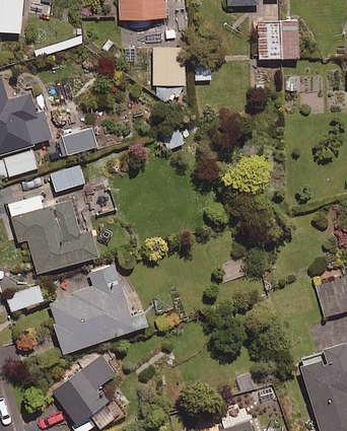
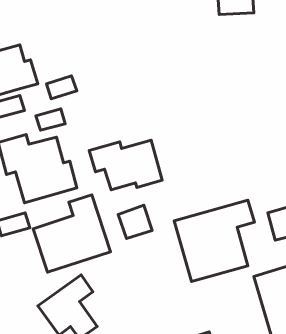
building: [153,48,185,85] -> none
building: none -> [89,140,162,190]
building: none -> [174,200,254,282]
building: none -> [118,205,152,238]

